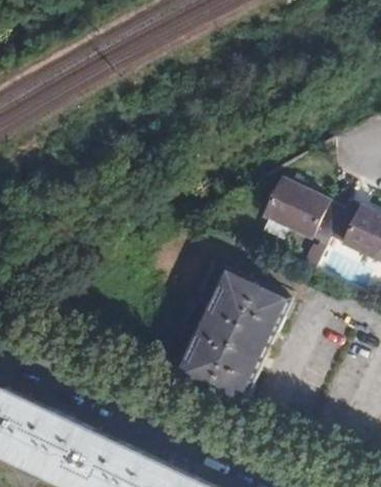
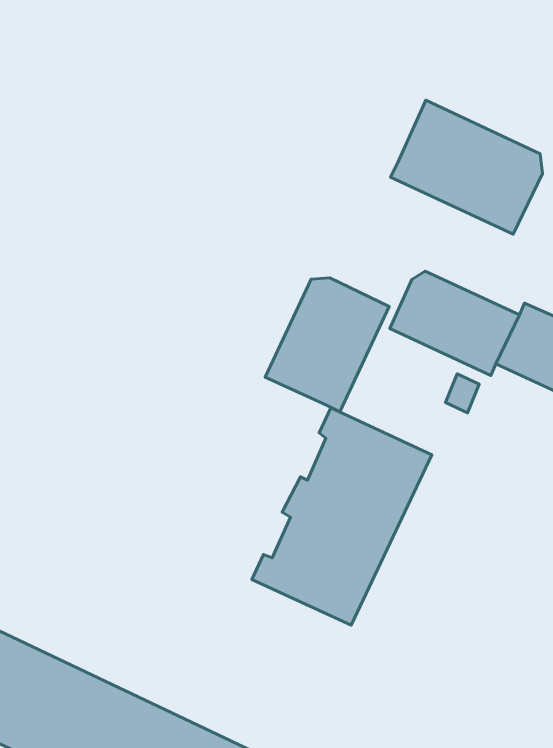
building: none -> [390,100,543,234]
building: none -> [265,278,389,412]

